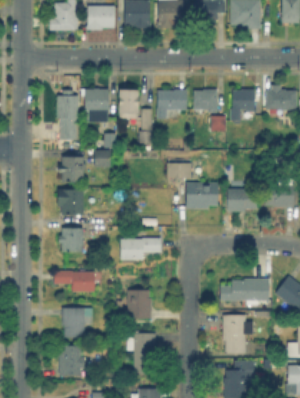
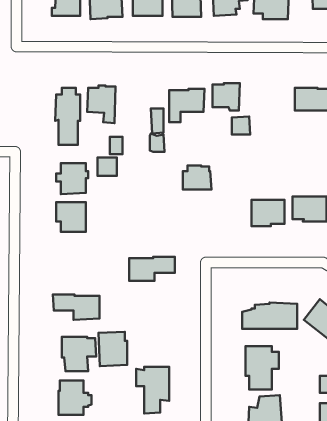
building: [230,88,254,122] -> none
building: [119,90,139,119] -> none
building: [186,183,218,209] -> none
building: [58,228,82,253] -> none
building: [127,291,152,321] -> [99,332,127,366]

